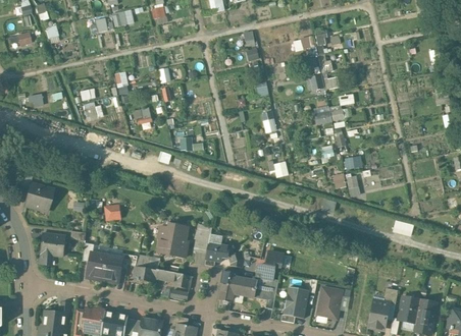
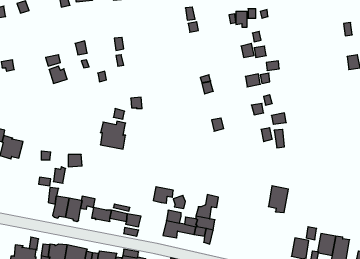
building: [157,225,187,258] -> [100,121,126,149]
building: [38,234,65,267] -> none
building: [283,285,309,319] -> none
building: [317,287,341,319] -> [268,186,288,213]

